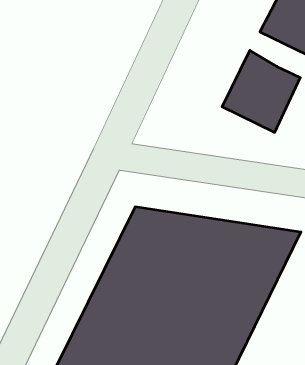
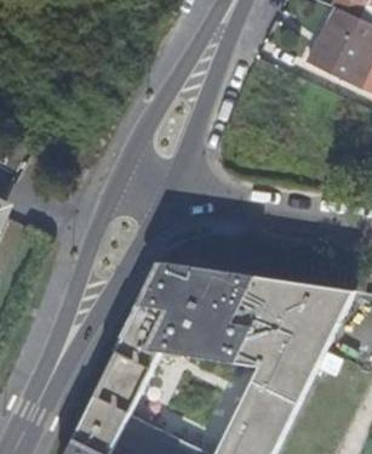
building: [222,50,300,132] -> none

